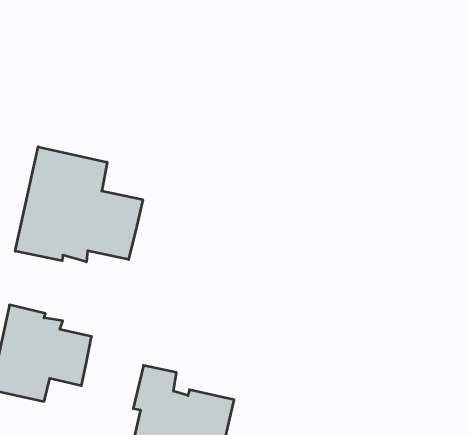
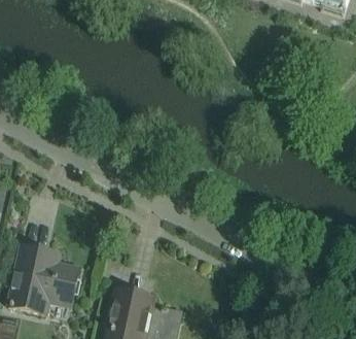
building: [15,147,143,262] -> none

